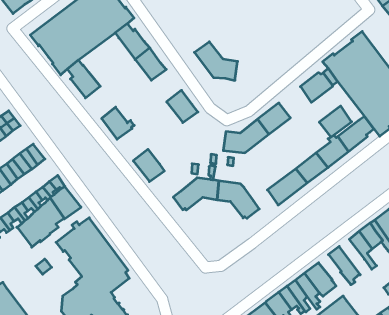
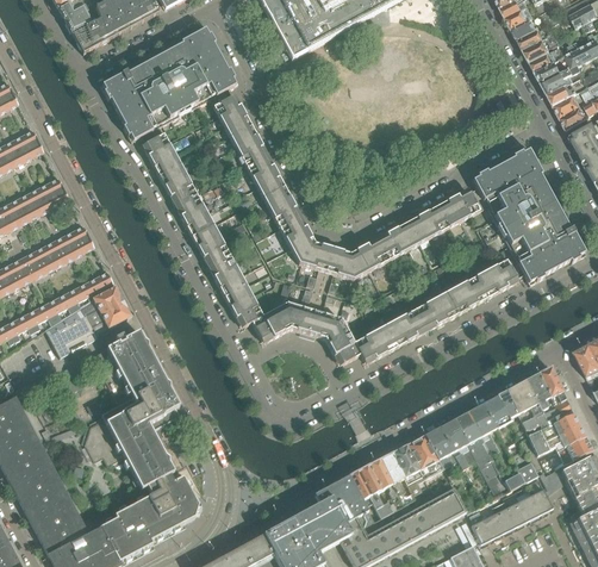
building: [194,42,238,80] -> [280,216,334,270]
building: none -> [247,155,285,197]
building: none -> [160,163,197,205]
building: [319,106,352,137] -> [407,204,449,242]
building: none -> [192,224,230,266]
building: none -> [225,285,263,325]
building: none -> [355,330,386,361]
building: none -> [456,410,502,487]
building: none -> [426,425,461,488]

